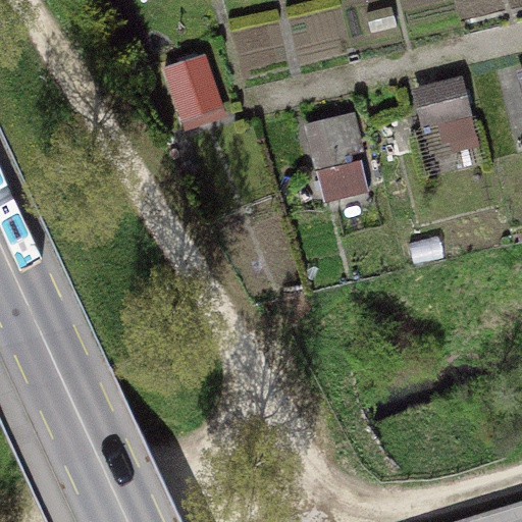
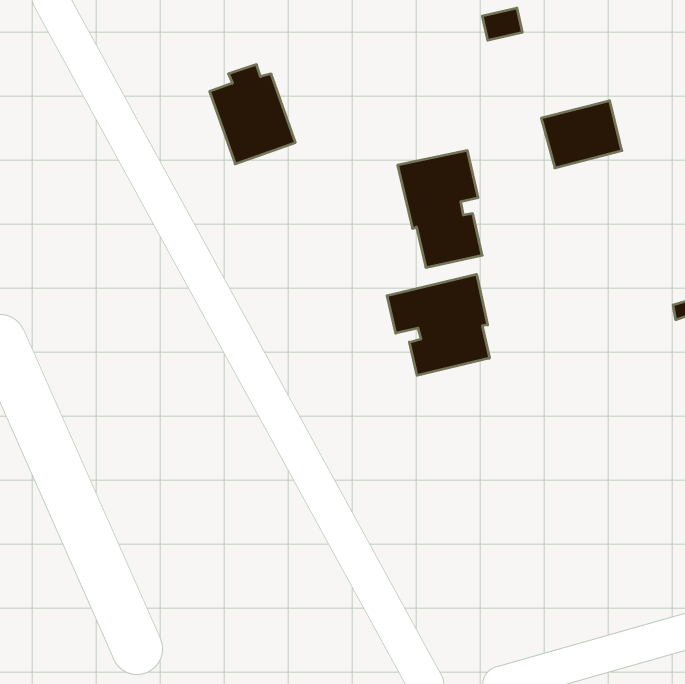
building: none -> [387,274,489,375]

